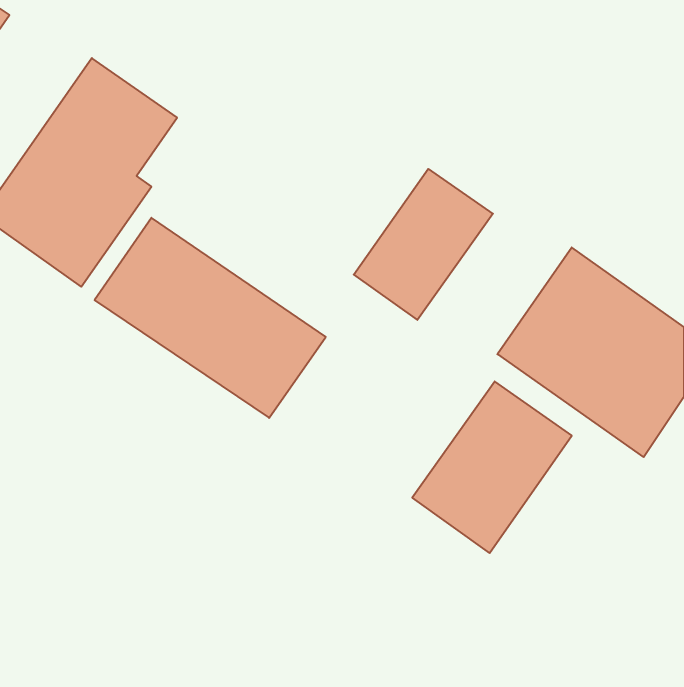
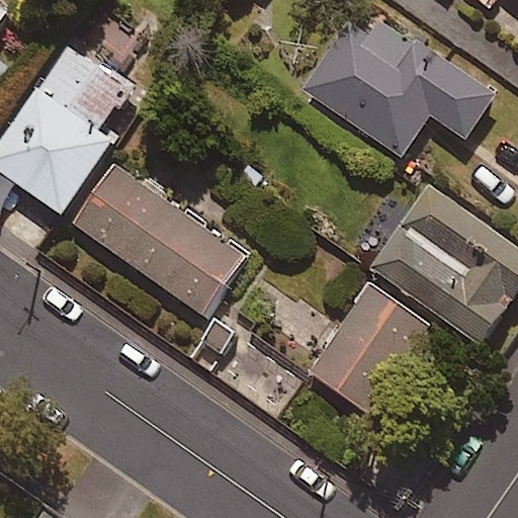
building: none -> [300,4,495,156]
building: [354,169,493,320] -> none

